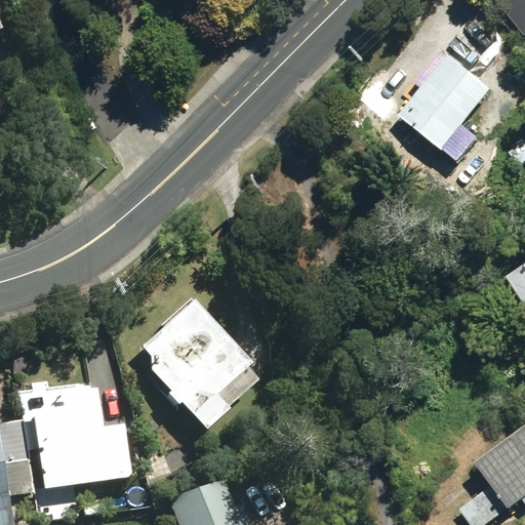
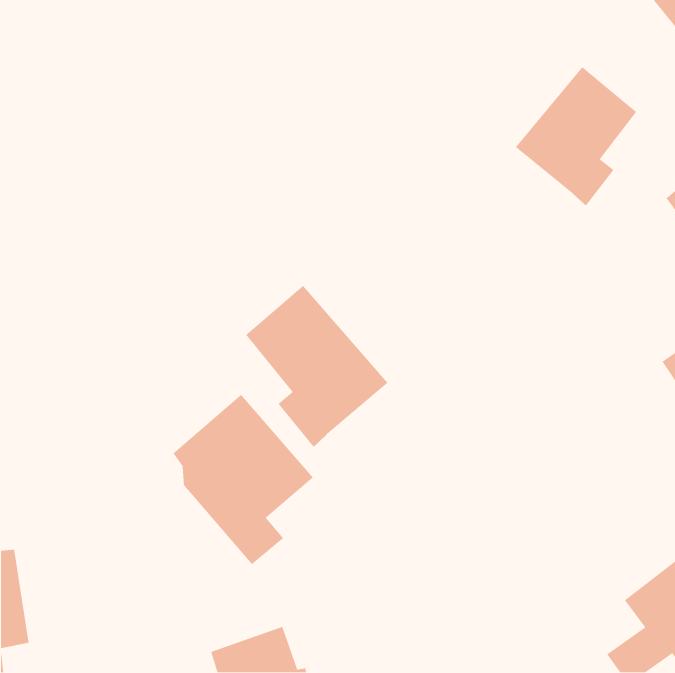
building: none -> [245,285,388,448]
building: [32,400,130,490] -> none

